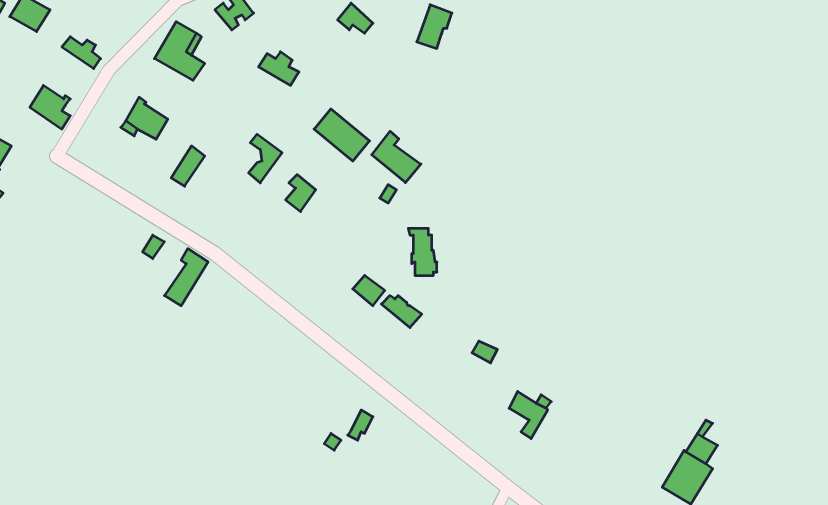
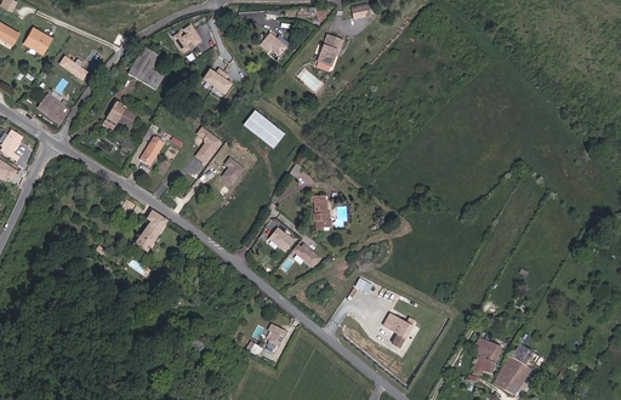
building: [372,131,421,183] -> none
building: none -> [472,337,501,375]

